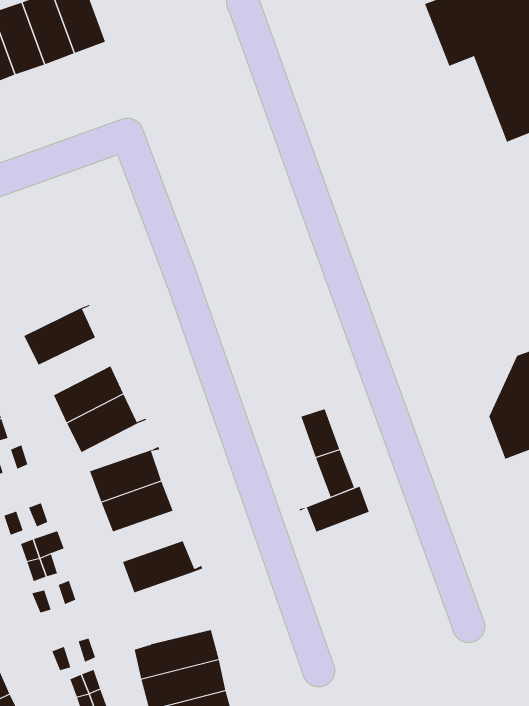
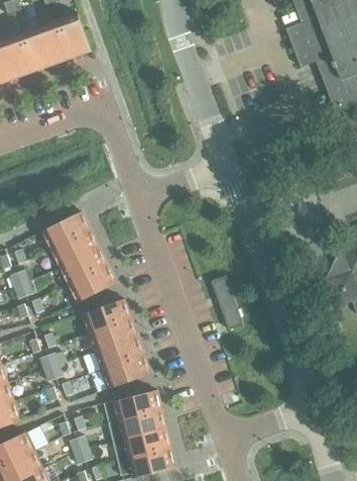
building: none -> [50,231,95,267]
building: [299,486,369,532] -> none
building: none -> [96,338,139,369]
building: none -> [104,389,157,422]

